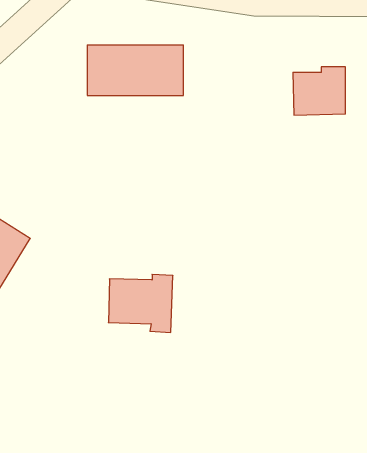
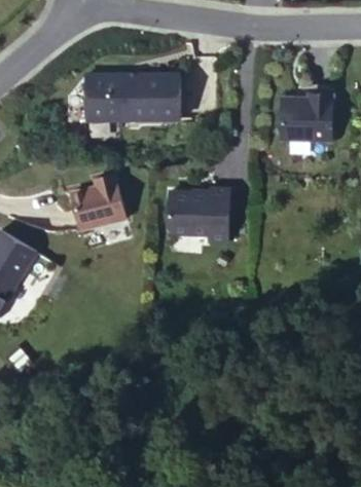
building: none -> [72,177,127,233]
building: [108,274,173,332] -> [169,191,229,246]

